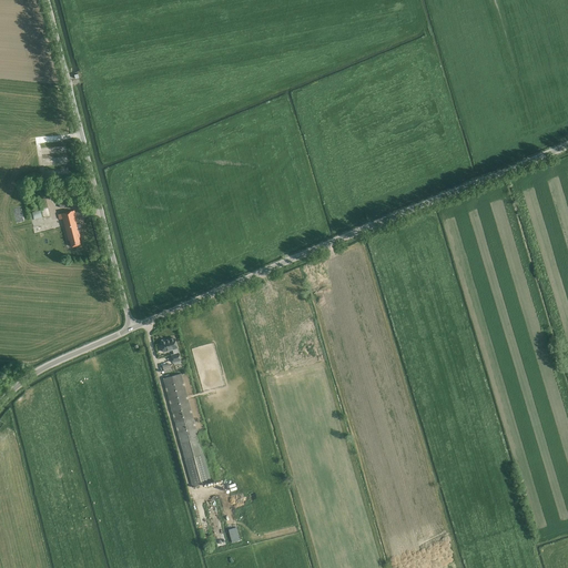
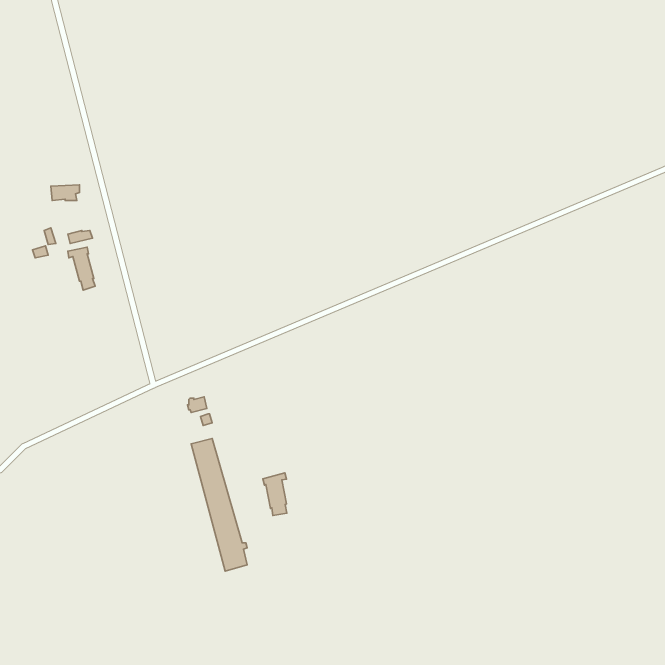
building: none -> [263,473,287,516]

